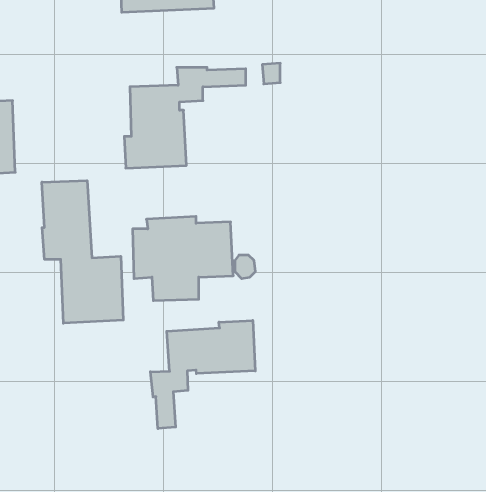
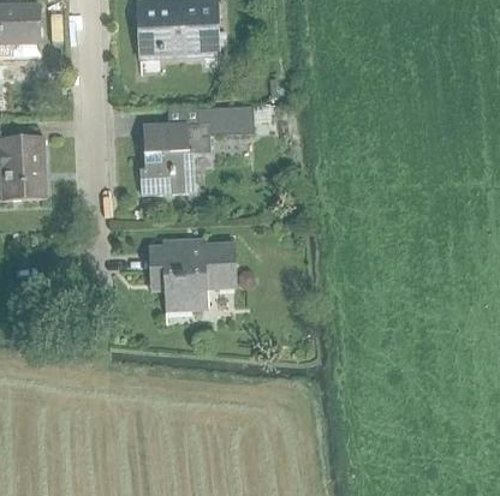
building: [42,181,123,323] -> none
building: [150,320,255,429] -> none

